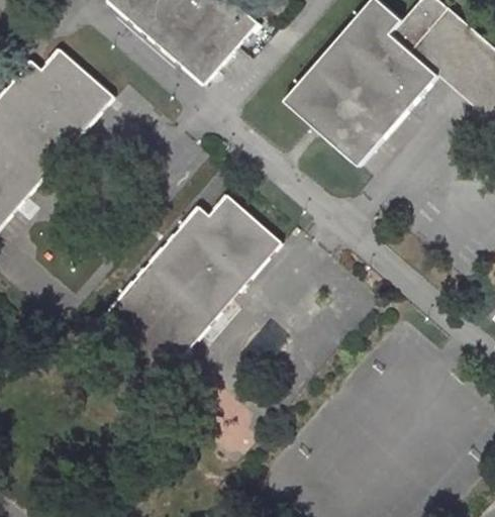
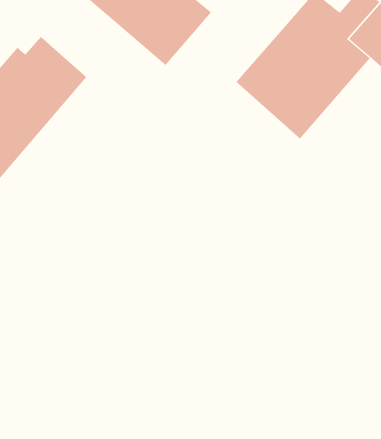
building: [95,194,281,382] -> none

